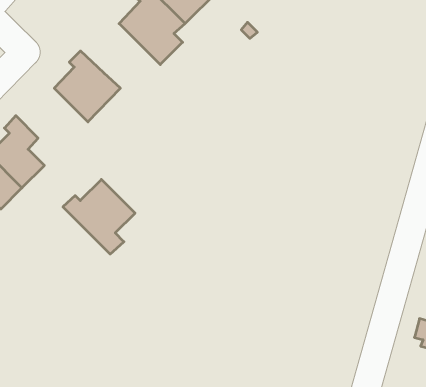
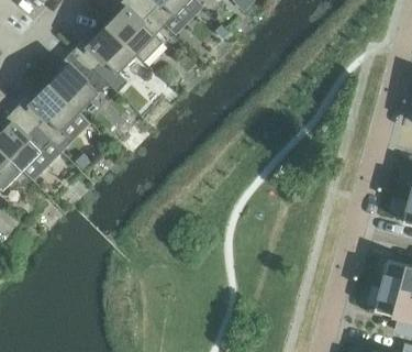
building: none -> [73,26,143,75]
building: [63,179,135,254] -> [15,84,79,150]

